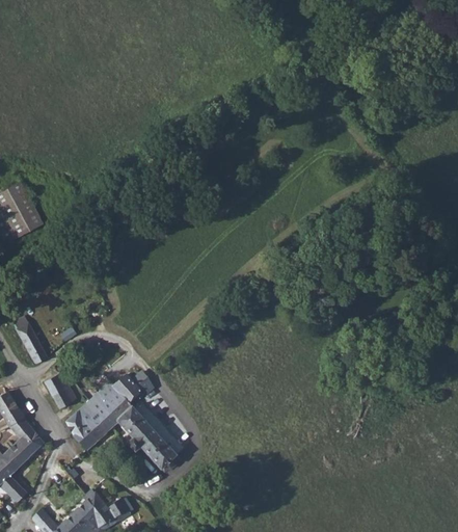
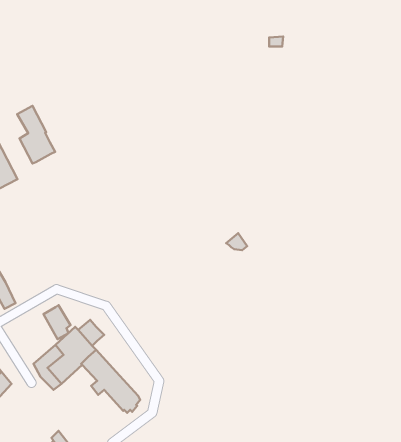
building: none -> [17,106,55,164]
building: [45,372,73,407] -> [44,305,71,339]

